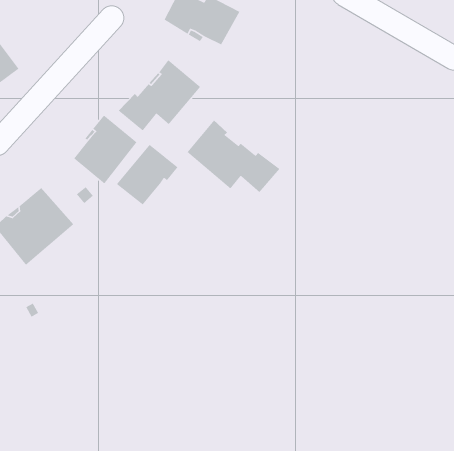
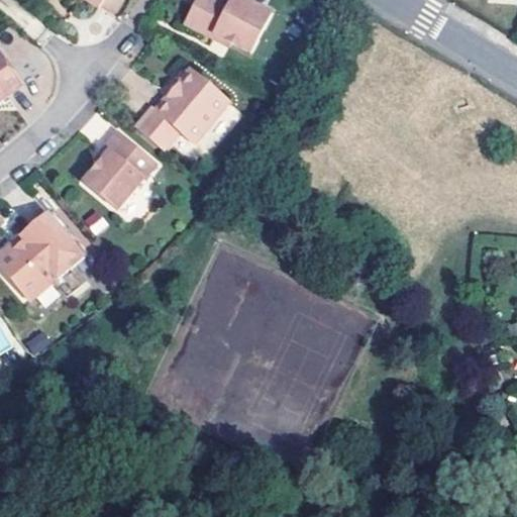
building: [186,120,280,193] -> none
building: [116,144,178,206] -> none

